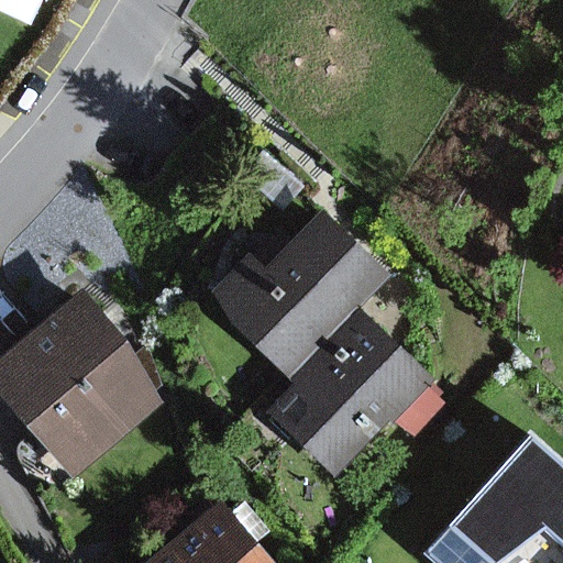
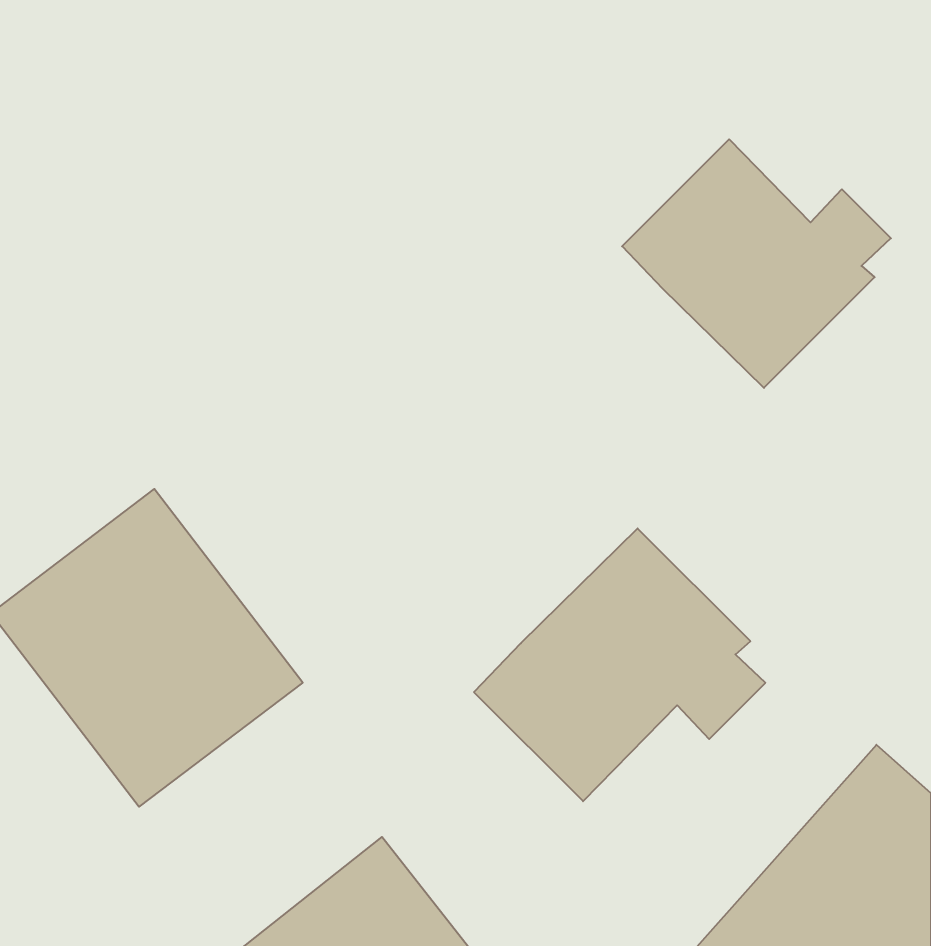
building: none -> [622,139,891,388]
building: [216,209,407,385] -> none

